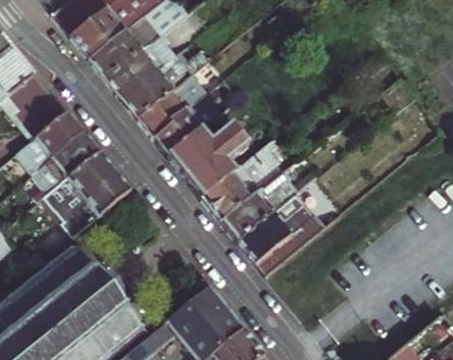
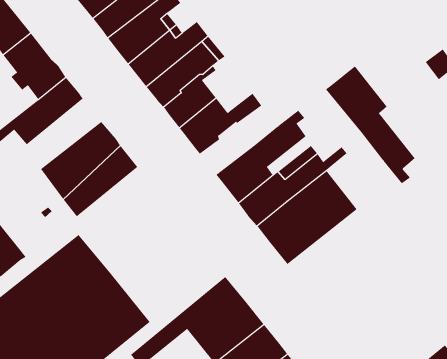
building: none -> [325,65,415,184]
building: [32,126,99,194] -> none
building: [187,133,251,195] -> none

